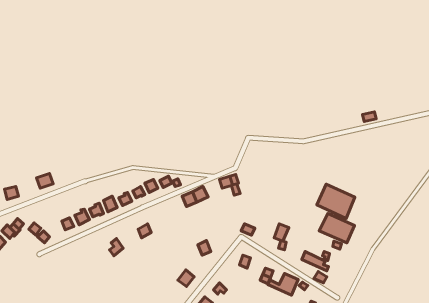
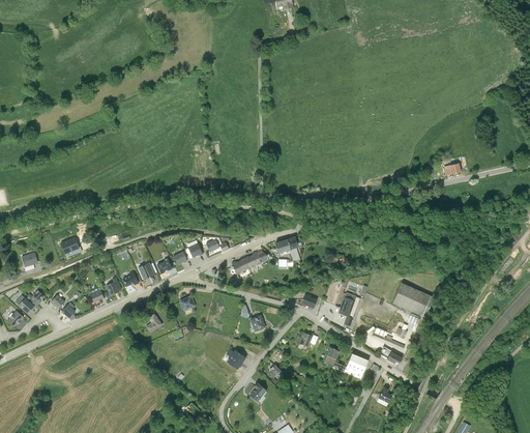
building: [317,184,355,218] -> none

